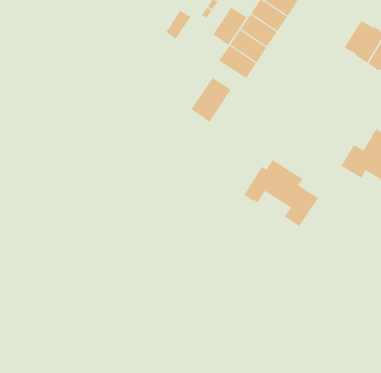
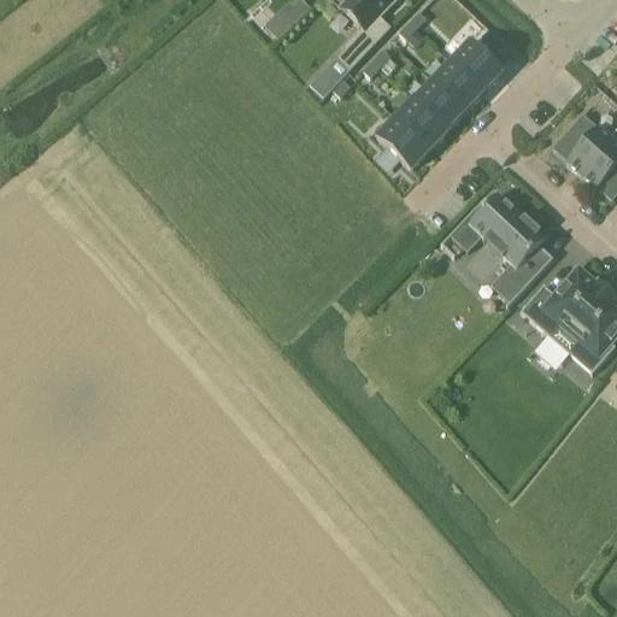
building: [213,7,248,46] -> none
building: [191,77,231,122] -> none
building: [243,159,319,227] -> [449,192,553,292]

